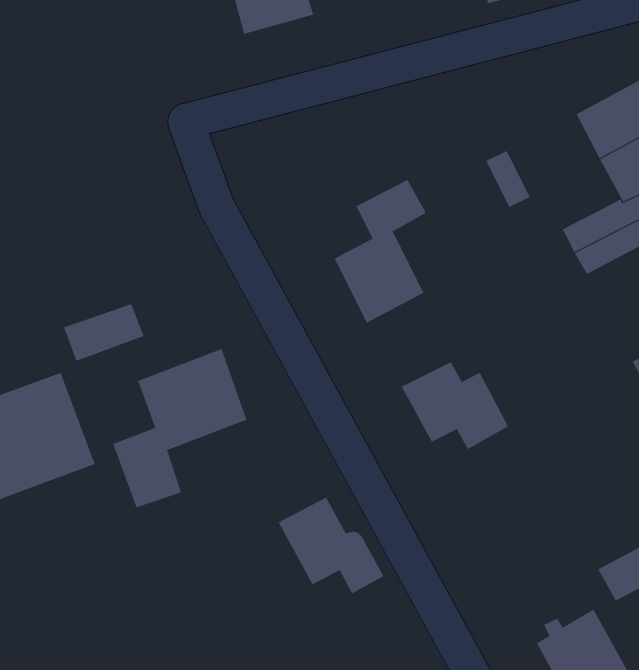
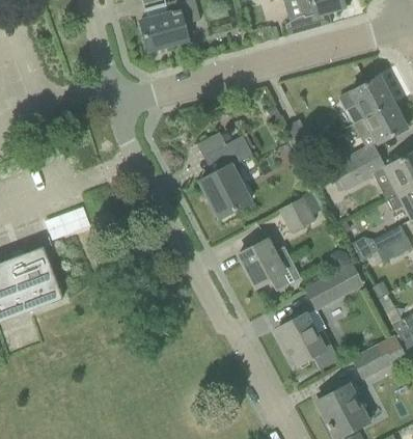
building: none -> [278,192,324,234]
building: [112,348,247,508] -> none
building: none -> [303,264,361,309]
building: [278,497,384,594] -> [277,313,338,369]

